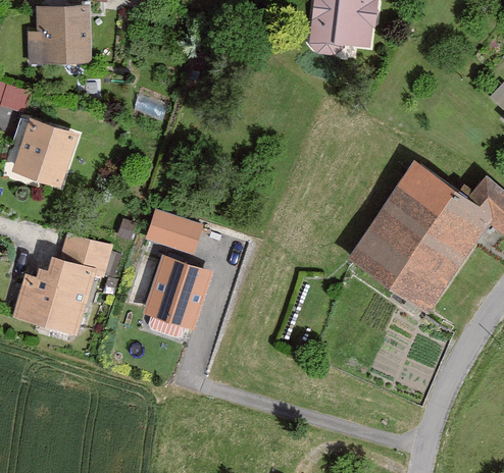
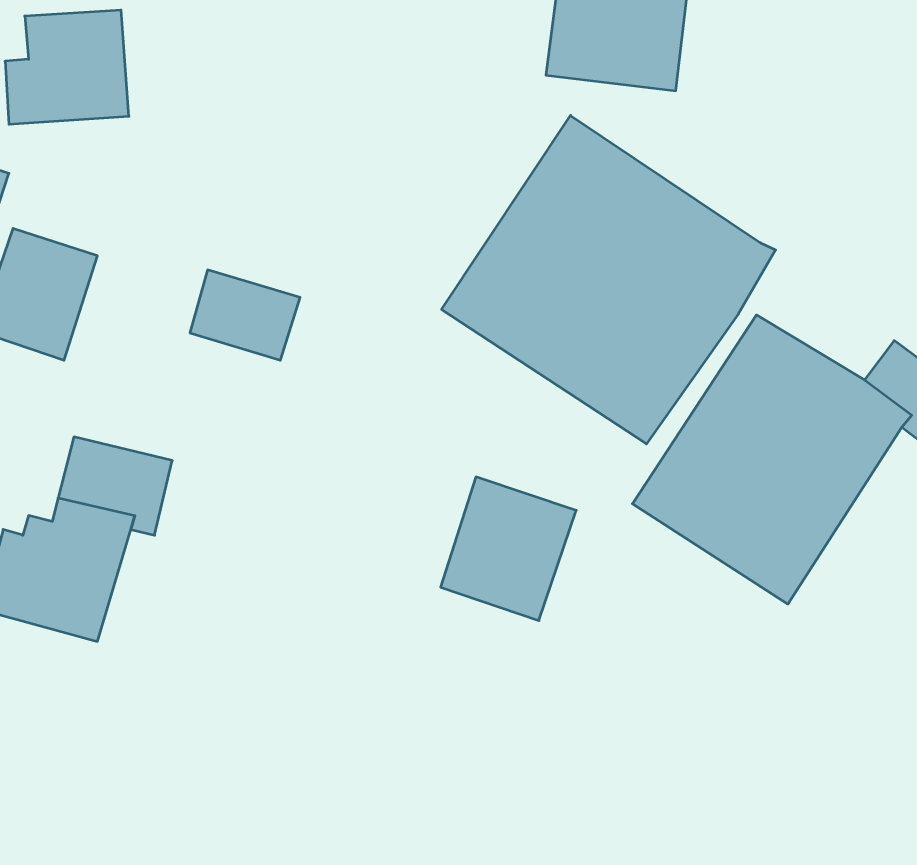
building: none -> [442,115,776,444]
building: [145,208,202,255] -> [190,270,300,360]
building: [140,254,210,328] -> [441,477,576,621]

